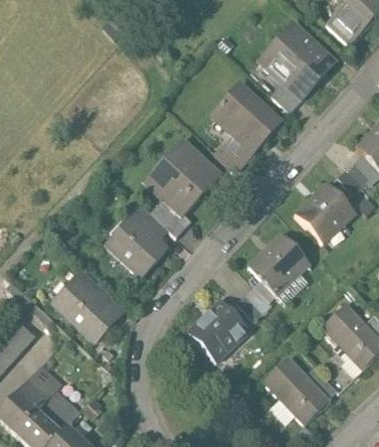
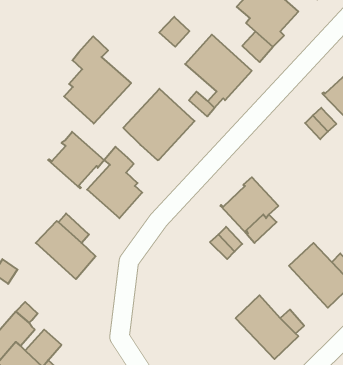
building: none -> [159,17,189,47]
building: none -> [64,36,131,124]
building: [295,181,354,241] -> none
building: none -> [48,132,104,188]
building: [150,198,191,237] -> none
building: [188,300,248,360] -> none

